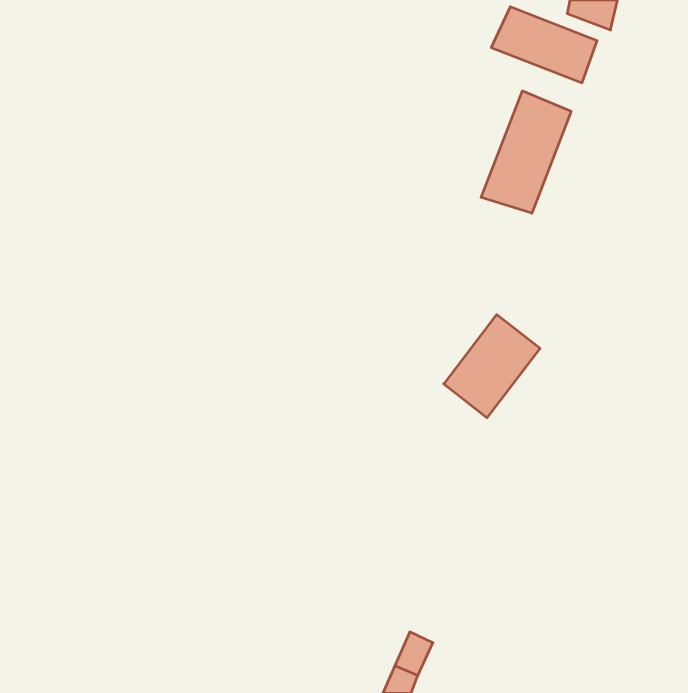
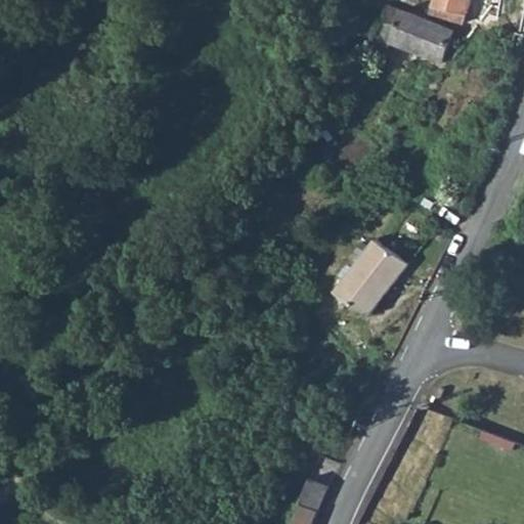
building: [481,91,571,213] -> none

